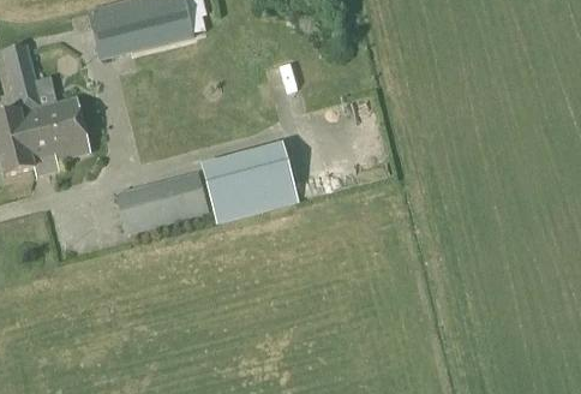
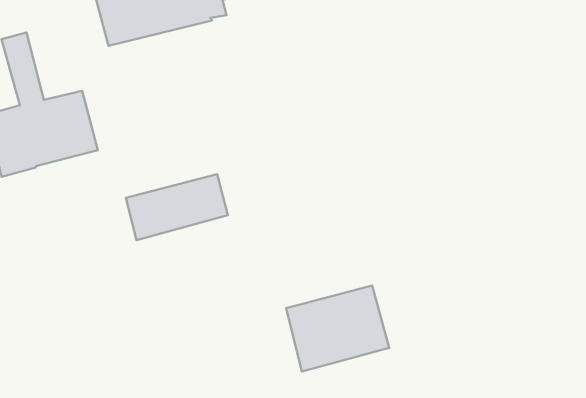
building: [203,143,297,221] -> [286,286,389,372]

